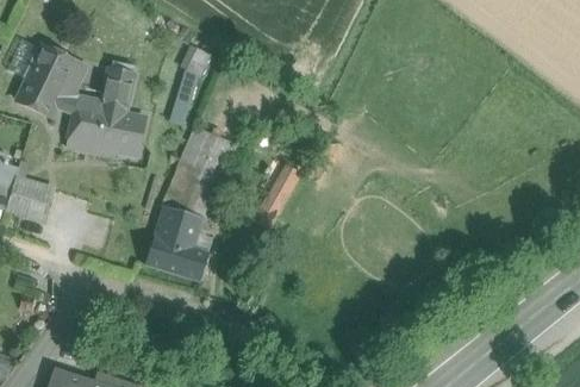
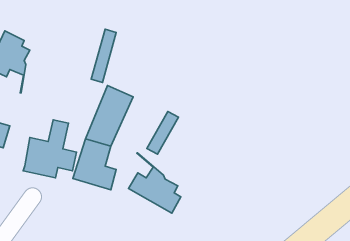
building: [66,70,144,156] -> [23,120,77,178]
building: none -> [128,153,181,213]

